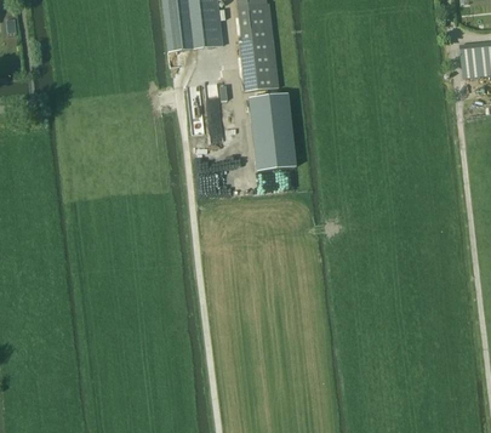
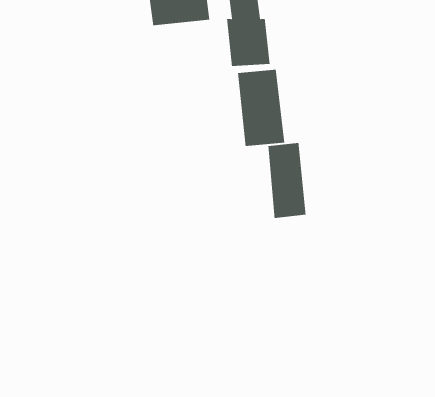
building: none -> [268,142,306,219]

